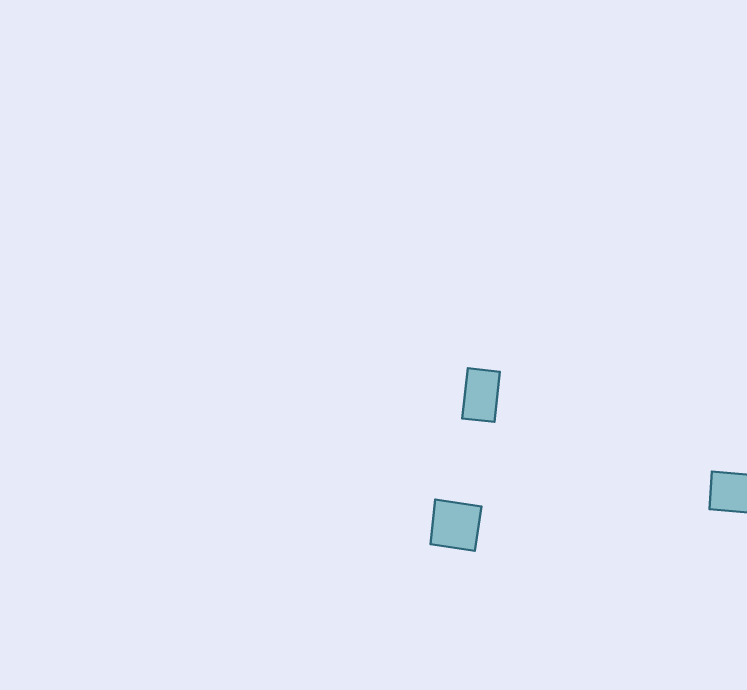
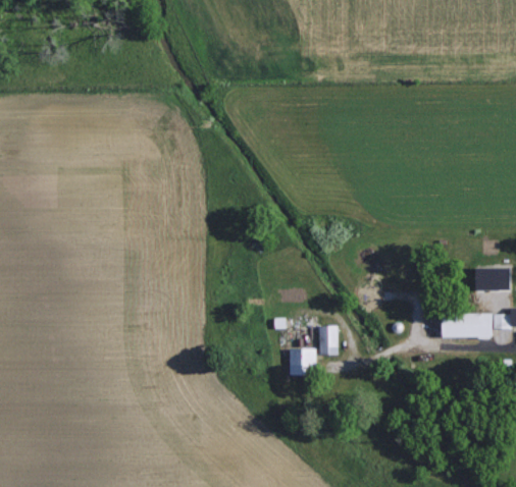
building: [462,368,500,422] -> [318,326,337,355]

